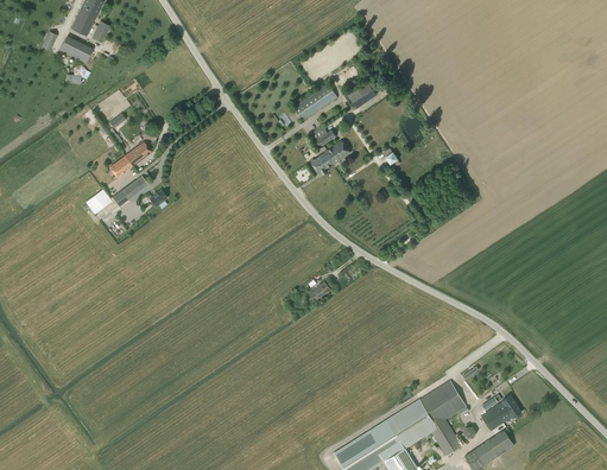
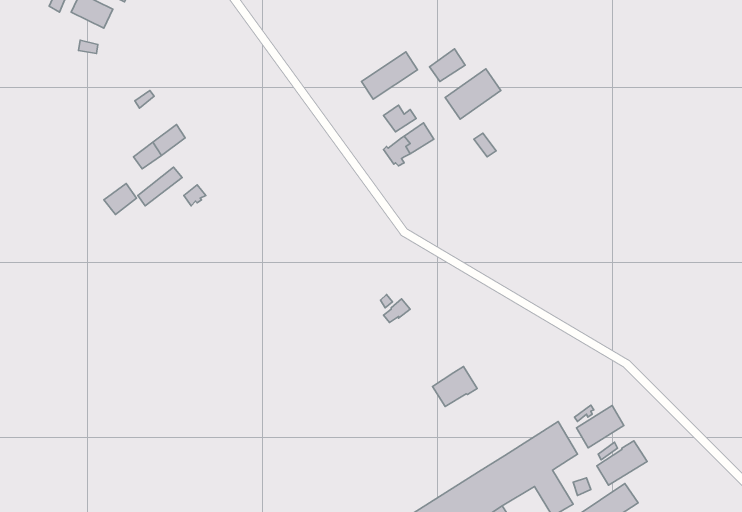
building: none -> [445,69,501,119]
building: none -> [432,367,477,406]
building: none -> [576,406,624,448]

